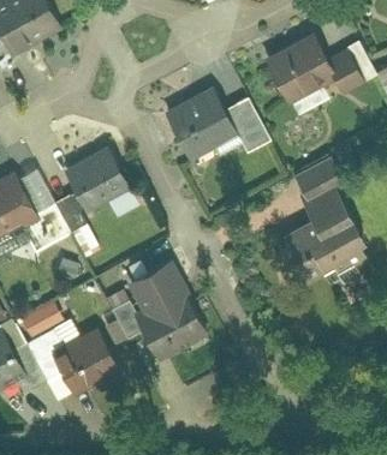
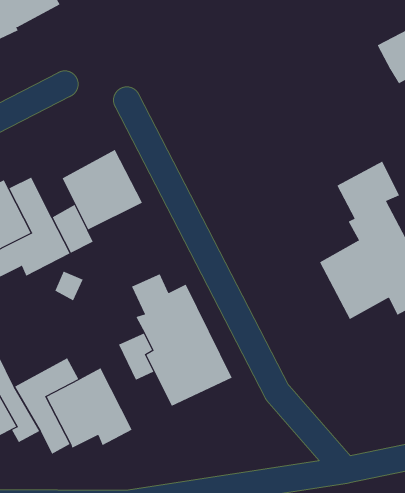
building: [263,34,337,106] -> none
building: [168,85,269,156] -> none
building: [20,300,62,336] -> none

